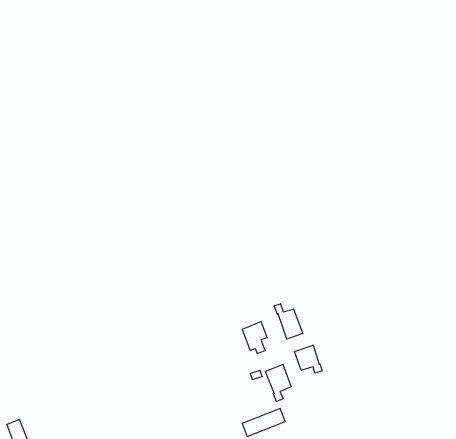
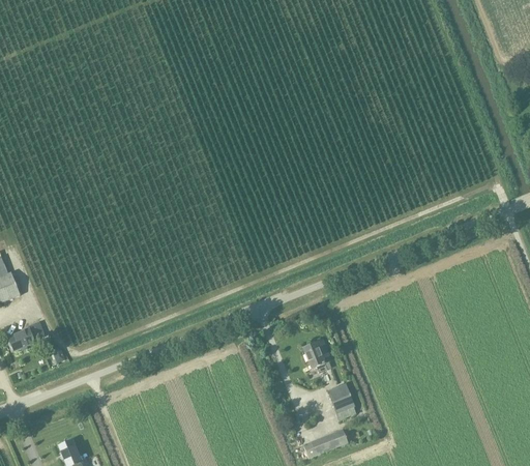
building: [274,304,303,339] -> none
building: [294,345,322,373] -> none

